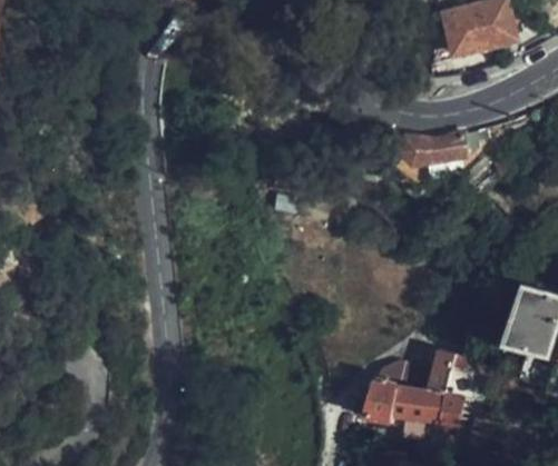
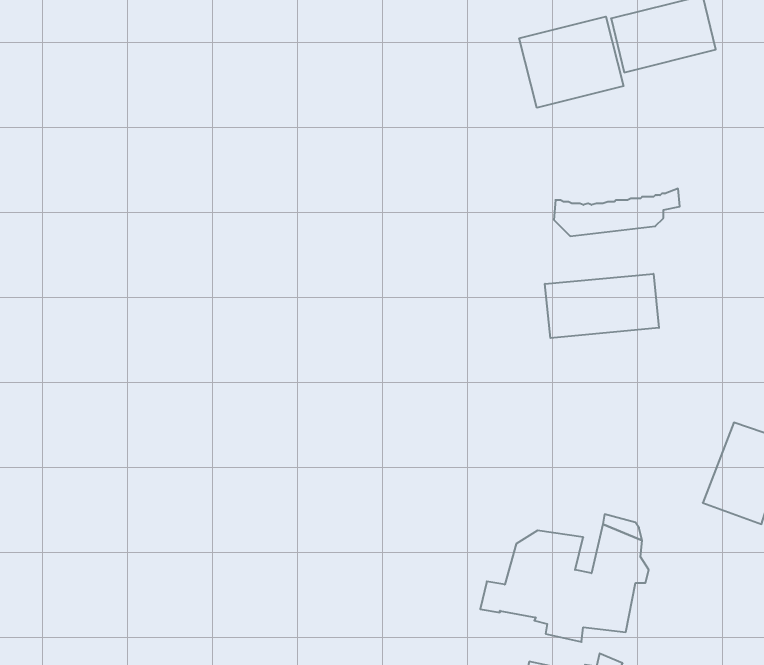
building: none -> [519,17,624,108]
building: none -> [545,274,659,338]

